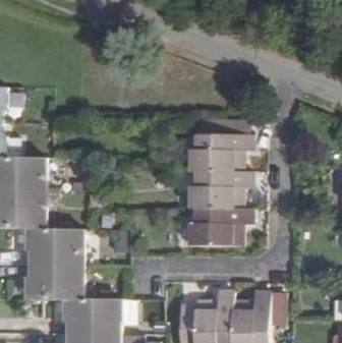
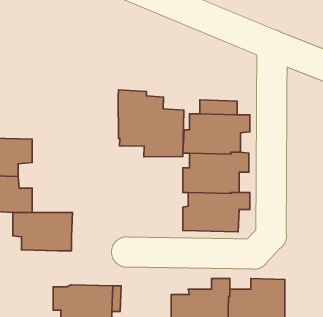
building: none -> [118,90,184,157]
building: [26,264,82,299] -> none

